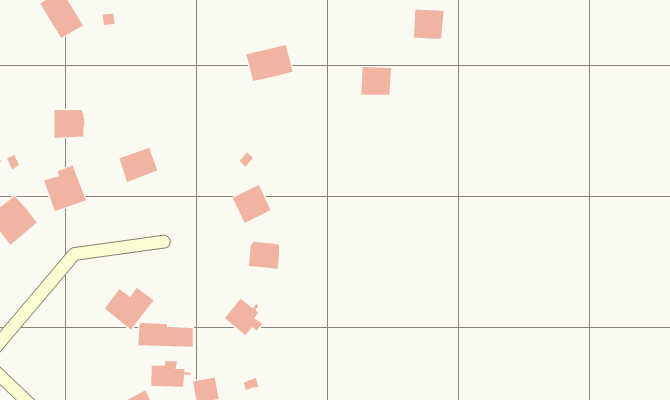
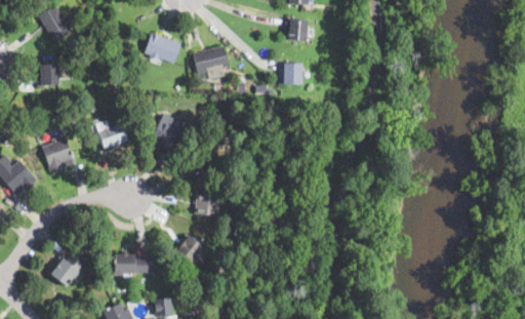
building: [413,9,445,39] -> [285,18,309,41]
building: none -> [146,33,183,64]
building: [54,110,85,138] -> [38,65,62,86]
building: none -> [151,121,183,151]
building: [104,287,154,331] -> [47,254,85,287]
building: [151,360,192,388] -> none

